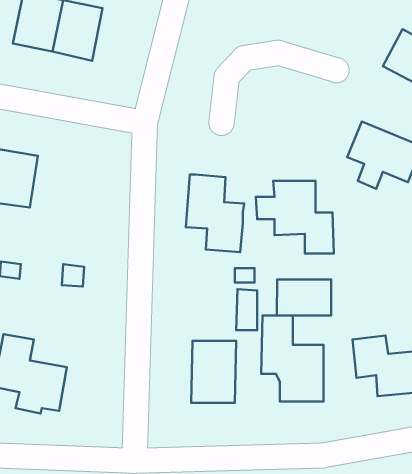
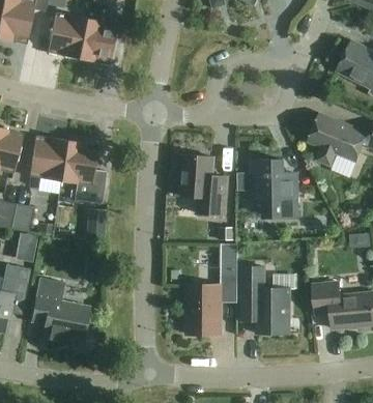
building: none -> [60,140,107,203]
building: [277,279,331,316] -> none

